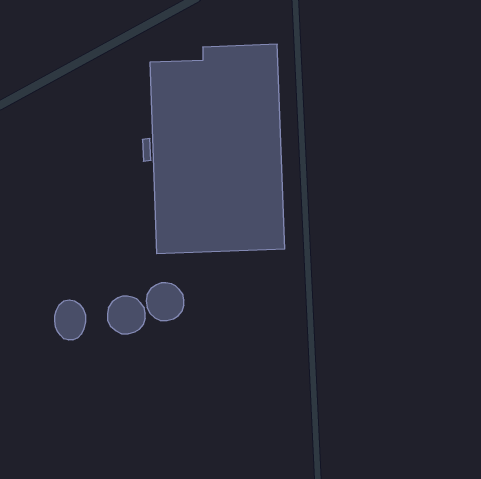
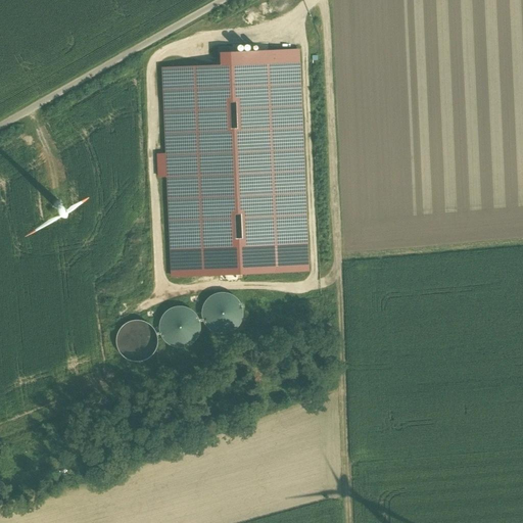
building: none -> [201,292,242,333]
building: [55,300,85,340] -> none

